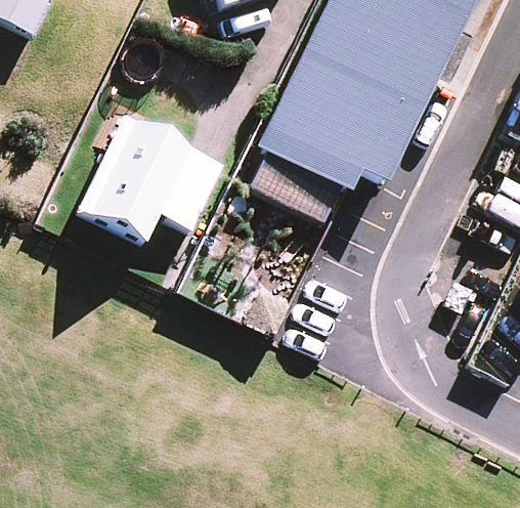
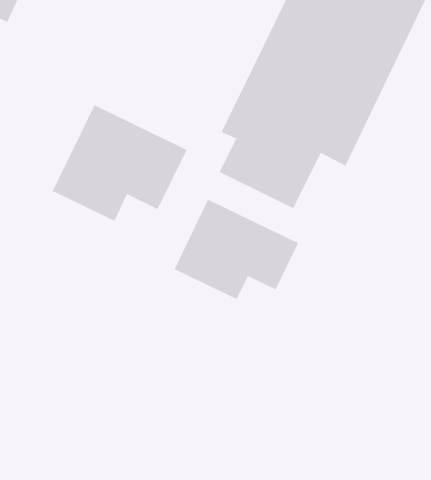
building: none -> [174,199,299,300]

